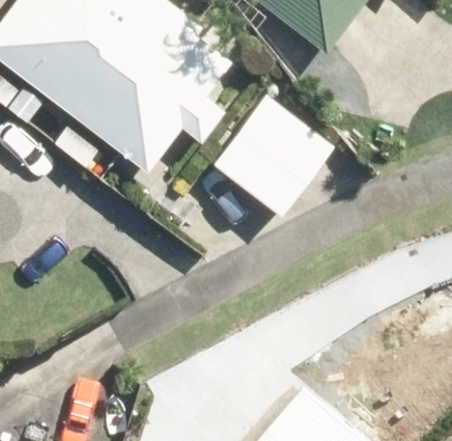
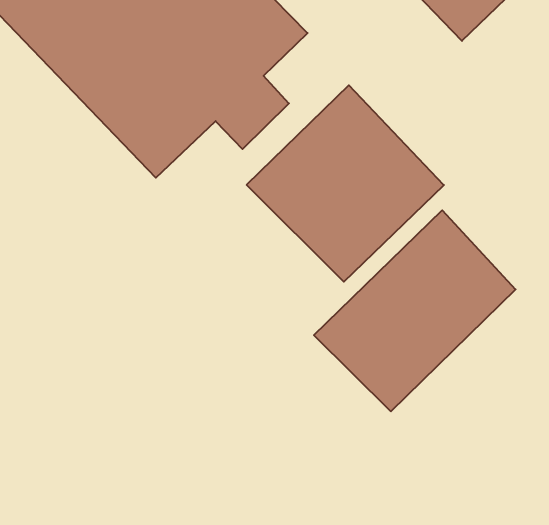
building: none -> [314,210,516,411]

